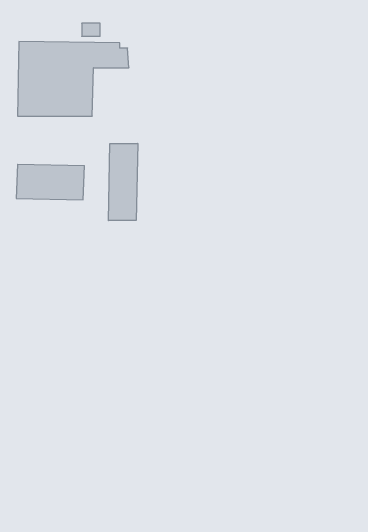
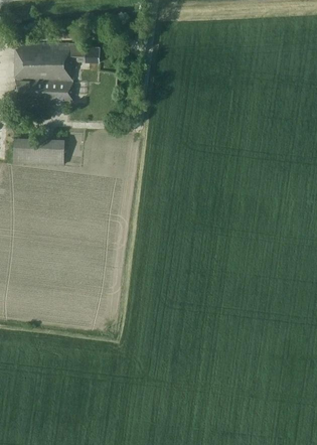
building: [108,143,138,221] -> none

